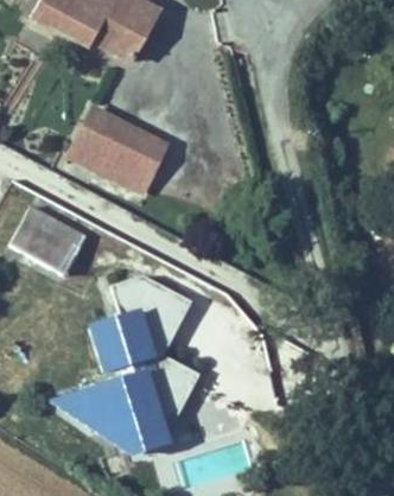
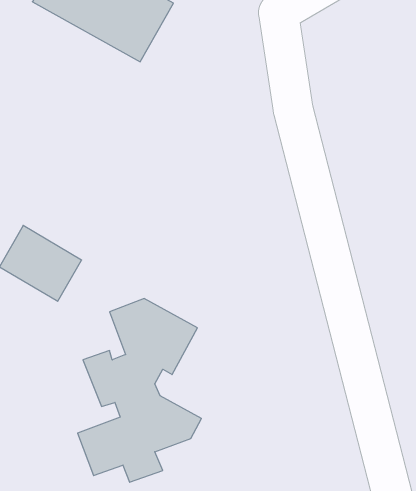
building: [70,107,164,193] -> none

